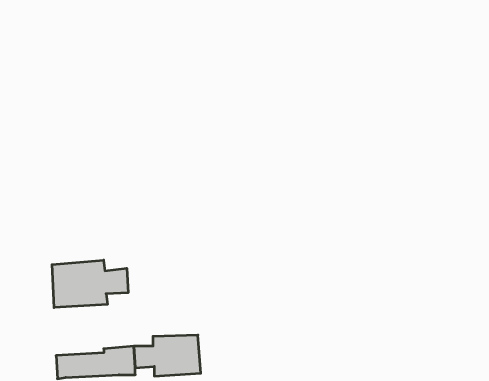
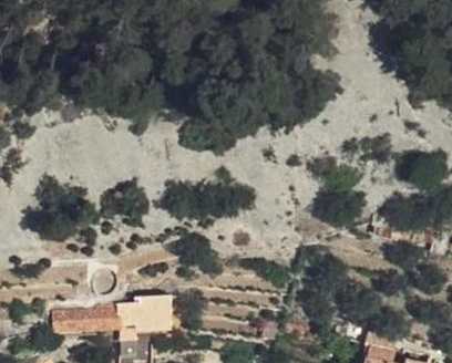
building: [52,260,128,308] -> none

